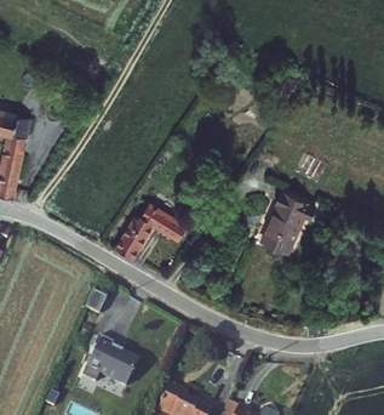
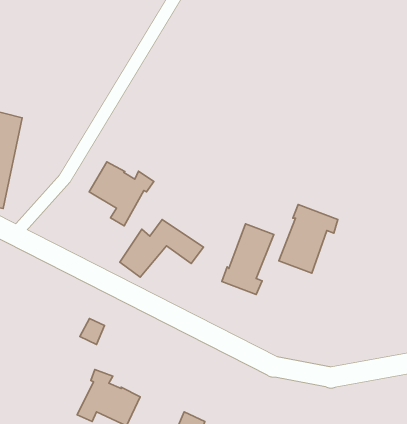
building: none -> [89,162,154,226]
building: none -> [222,224,274,294]

